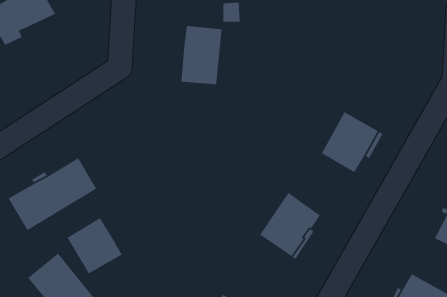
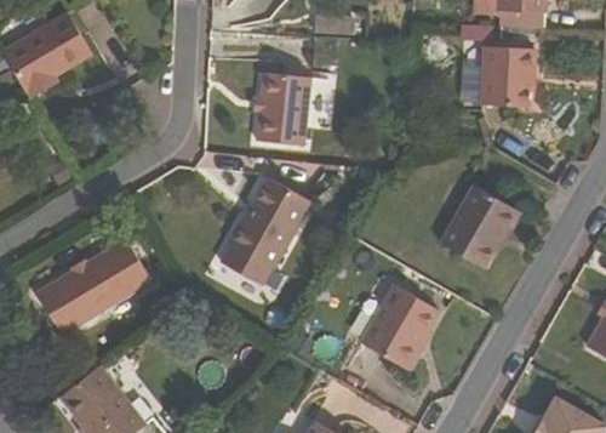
building: none -> [486,45,537,107]
building: none -> [215,180,321,292]
building: [66,217,123,275] -> none

